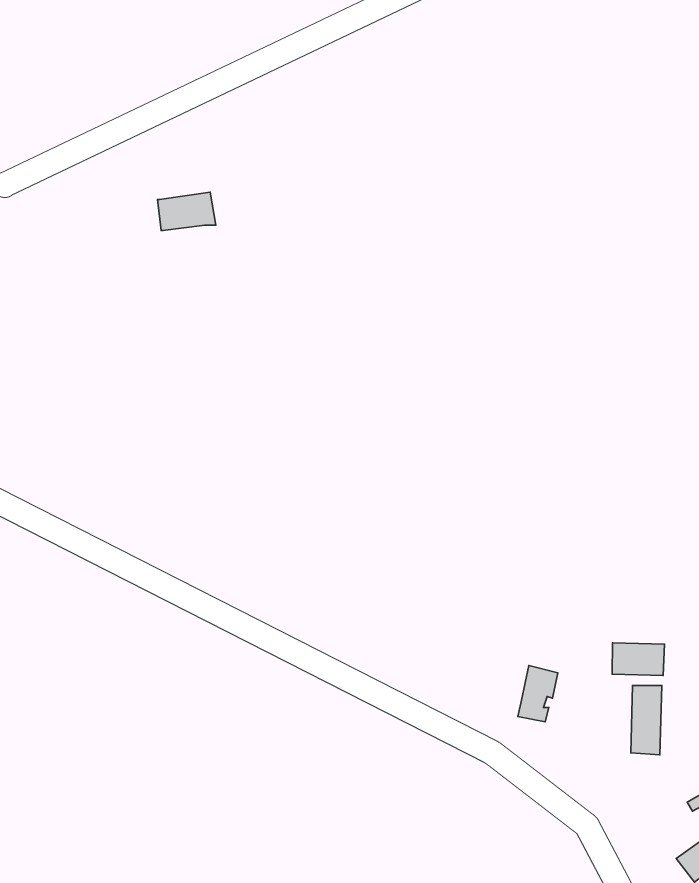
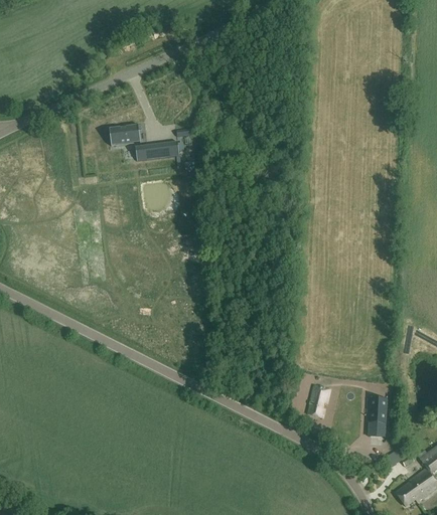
building: none -> [134,141,178,160]
building: [612,643,664,676] -> none

